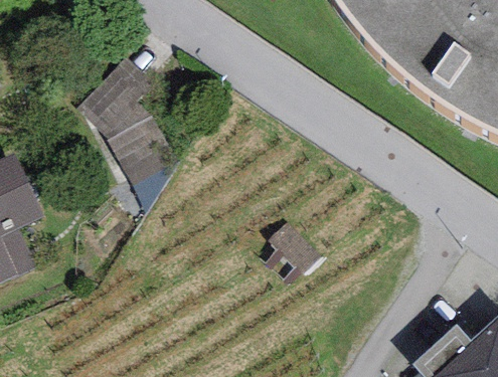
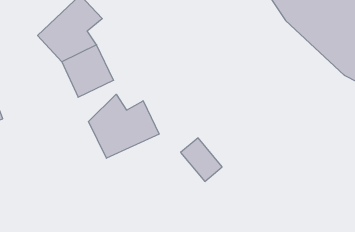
building: none -> [89,94,159,158]

